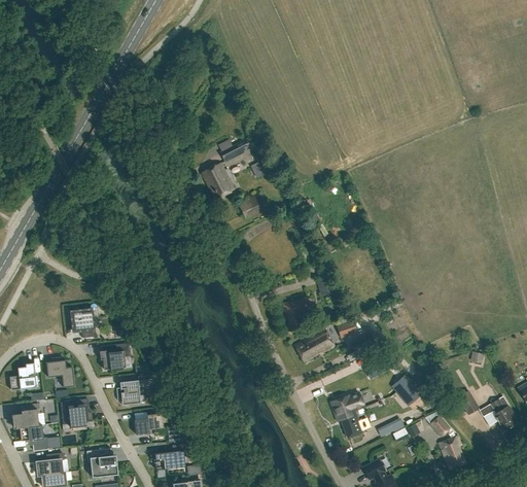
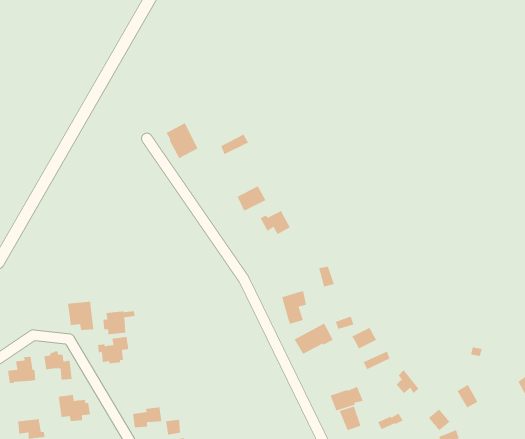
building: [201,163,234,200] -> [165,122,199,159]
building: none -> [260,210,291,235]
building: [116,380,149,405] -> [102,310,135,335]
building: [480,396,517,430] -> none
building: [13,404,39,428] -> none

